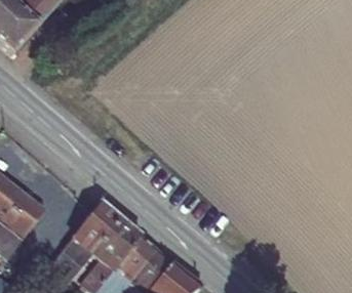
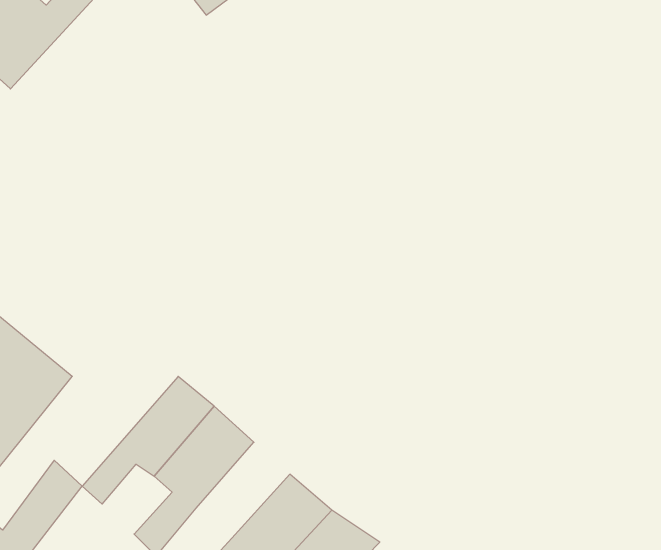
building: [109,236,157,285] -> none

